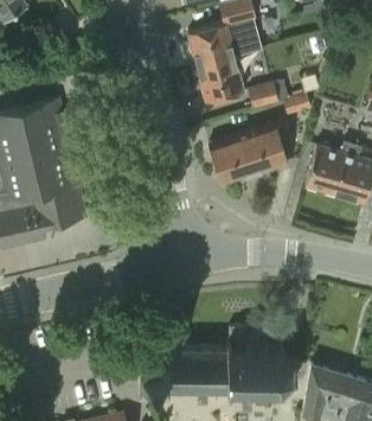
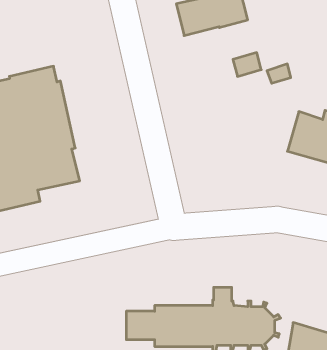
building: [197,56,243,102] -> none
building: [210,123,287,184] -> none

